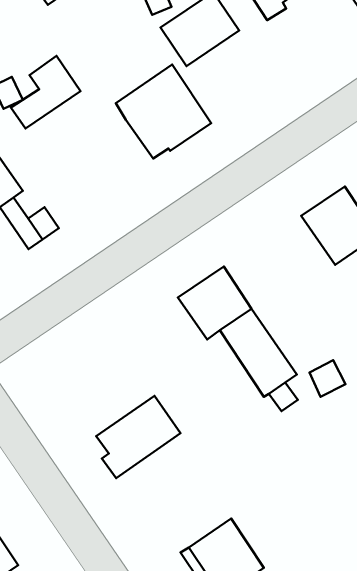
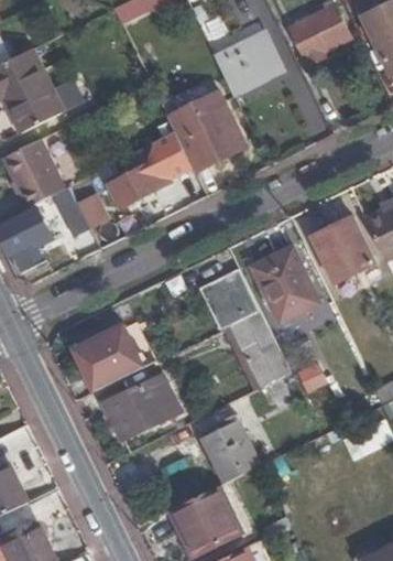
building: [11,56,81,128] -> [114,152,176,211]
building: none -> [252,247,319,323]
building: none -> [68,319,145,391]
building: none -> [198,419,258,484]

